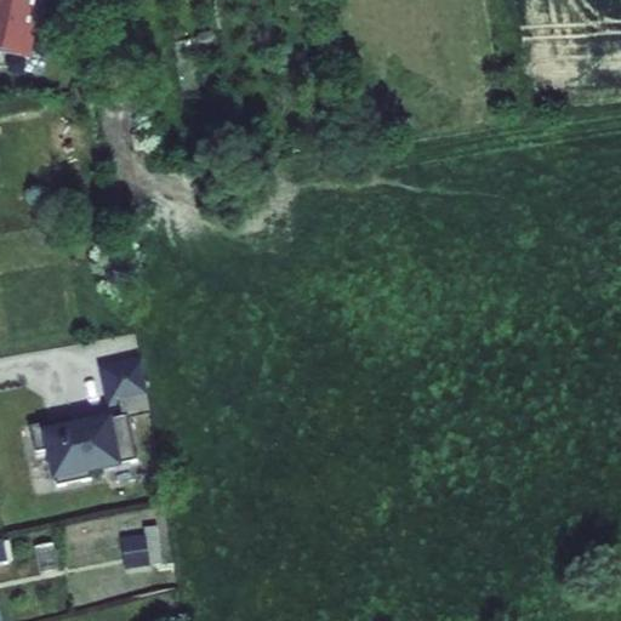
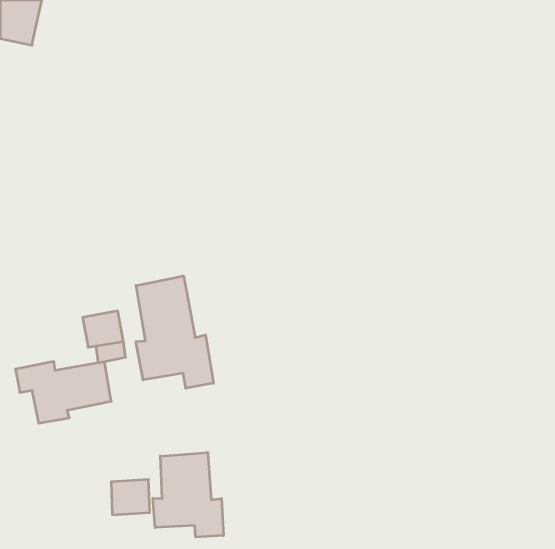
building: none -> [136,276,214,388]
building: none -> [153,452,223,537]

